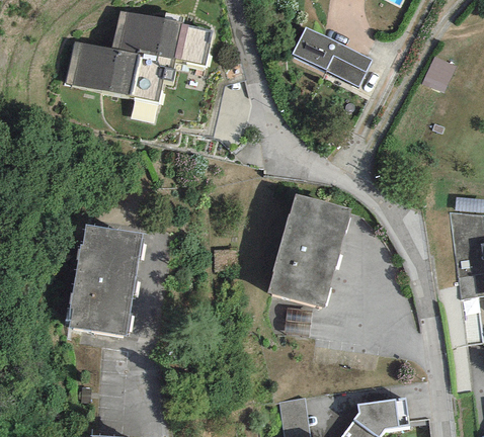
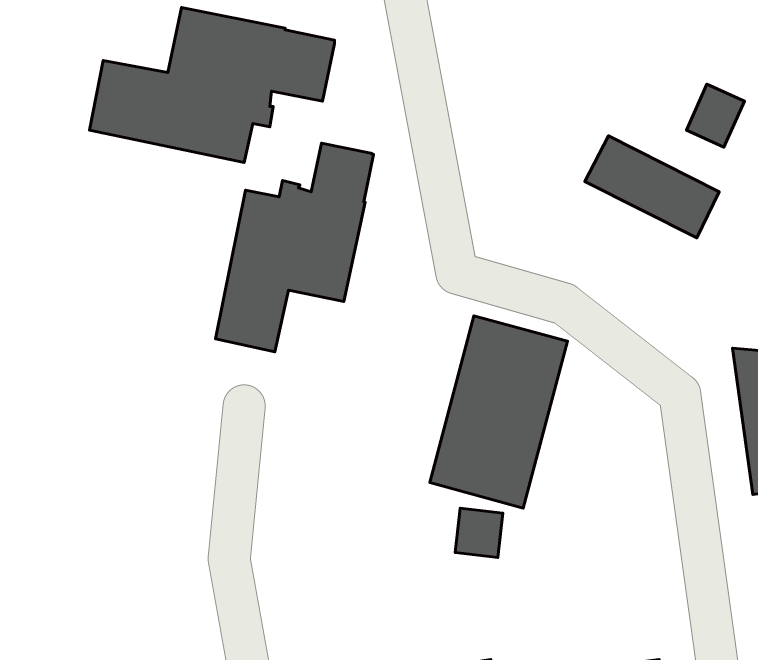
building: [292,26,372,87] -> [585,136,719,238]
building: none -> [215,143,373,352]
building: [68,224,143,336] -> none

